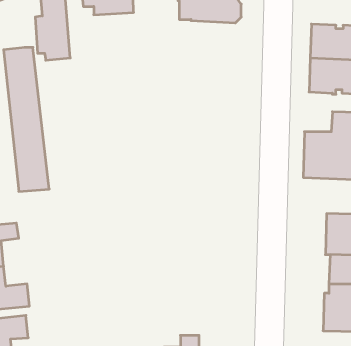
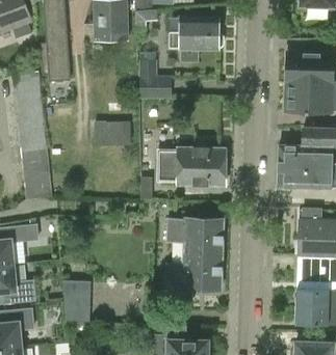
building: none -> [138,60,171,100]
building: none -> [94,121,131,144]
building: none -> [156,147,226,187]
building: none -> [165,218,223,290]
building: none -> [61,279,89,322]

